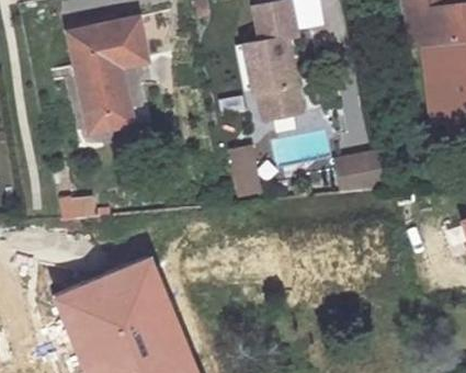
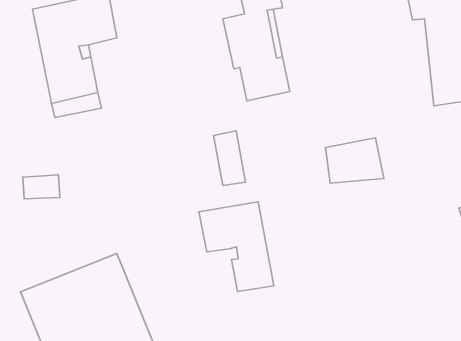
building: none -> [199,202,274,291]

